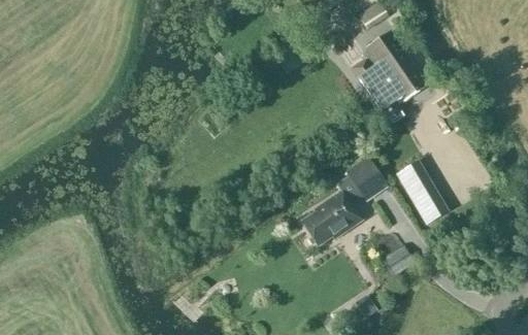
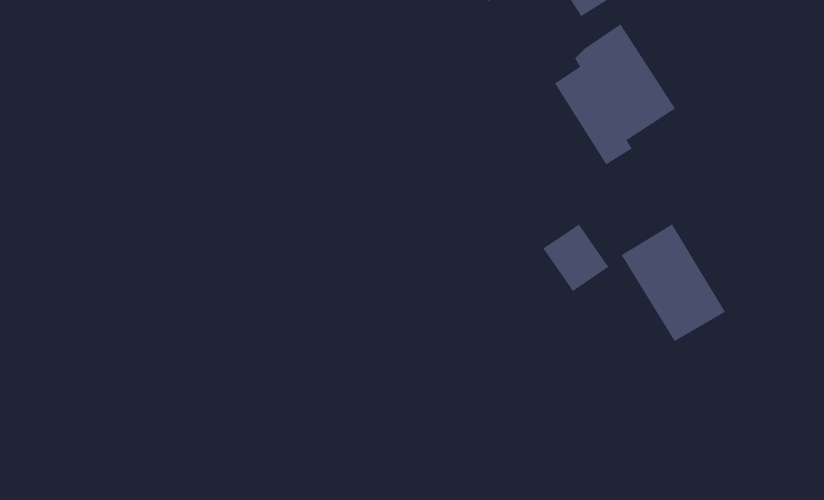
building: [300,190,360,244] -> none
building: [382,245,415,274] -> none

